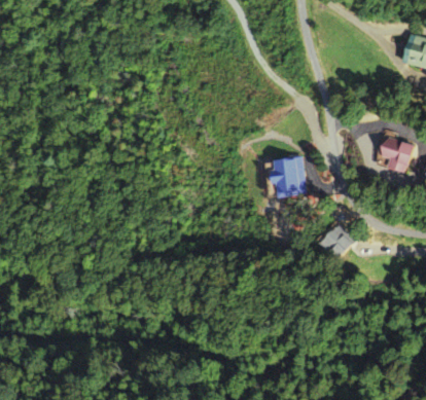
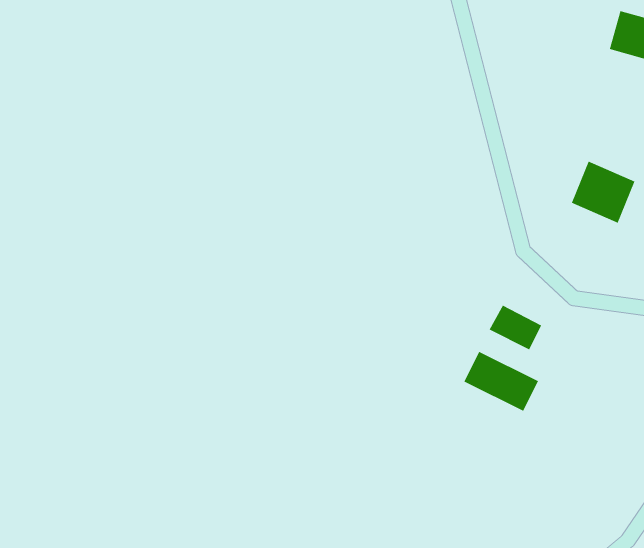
building: [275,155,305,194] -> none
building: none -> [463,351,539,412]

